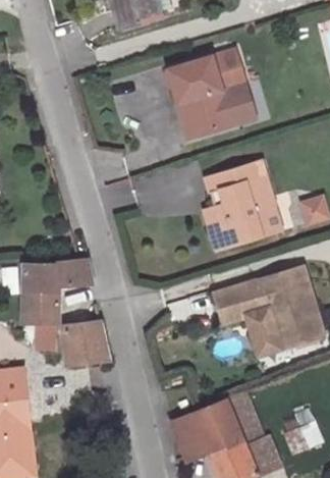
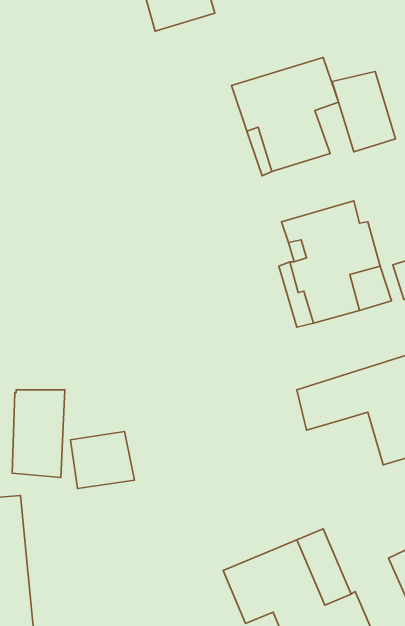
building: none -> [332,72,395,152]
building: [17,256,90,295] -> none
building: [256,309,287,355] -> none

